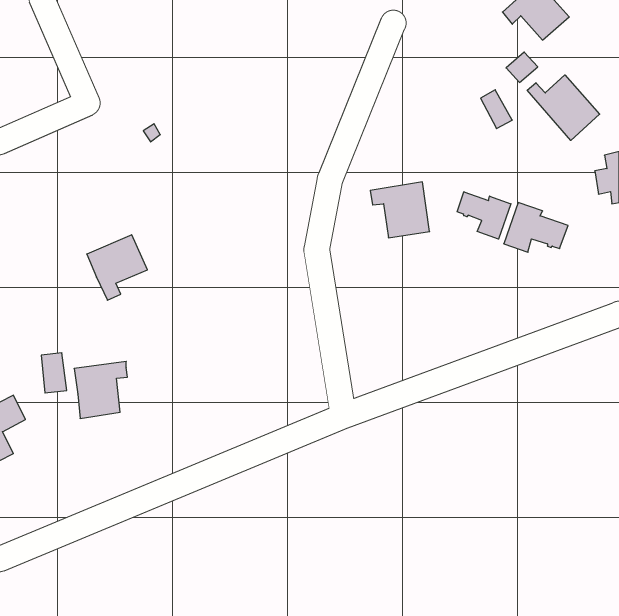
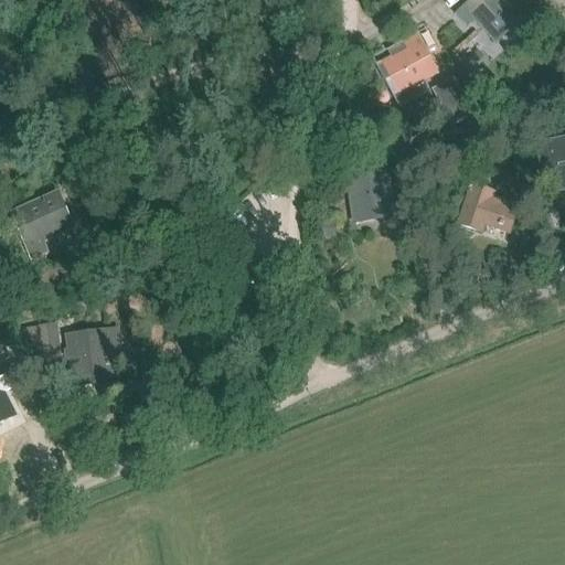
building: none -> [381,33,434,102]
building: [527,75,600,140] -> none
building: [457,192,511,239] -> none
building: [87,235,147,300] -> [12,194,67,254]

